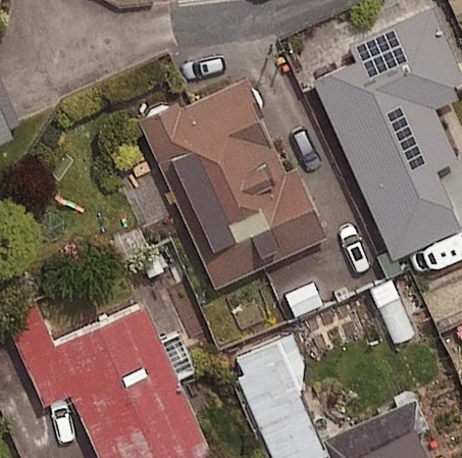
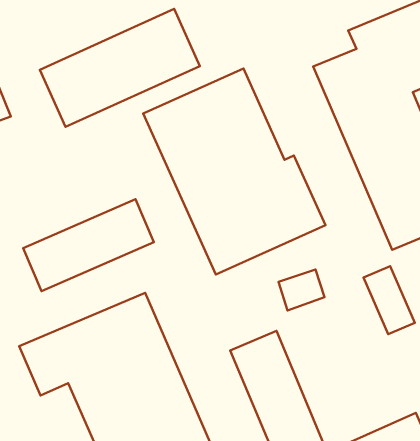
building: none -> [40,9,200,127]
building: none -> [23,199,154,291]

